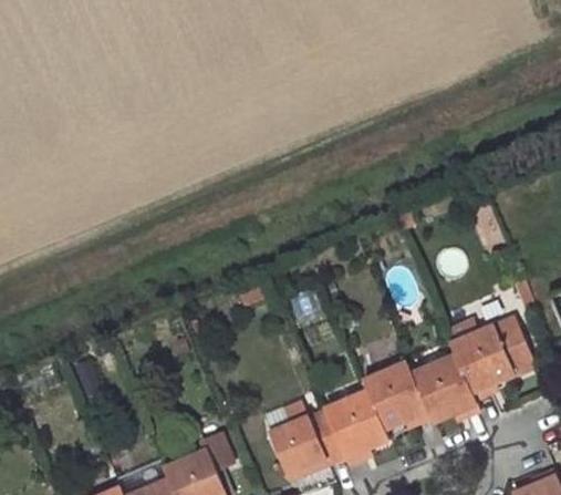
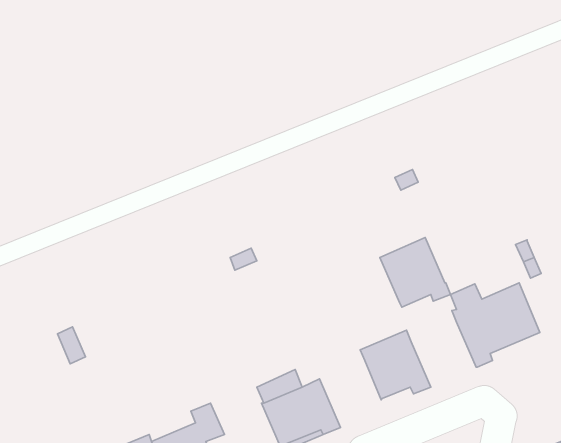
building: [412,357,479,423] -> [380,238,451,307]
building: [324,393,388,465] -> none

